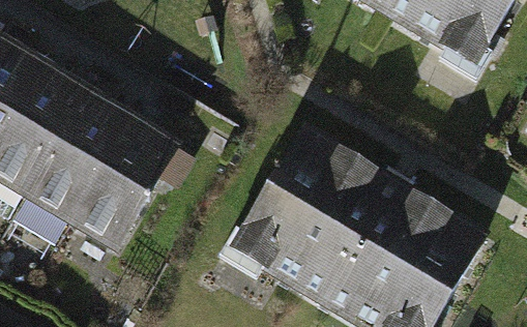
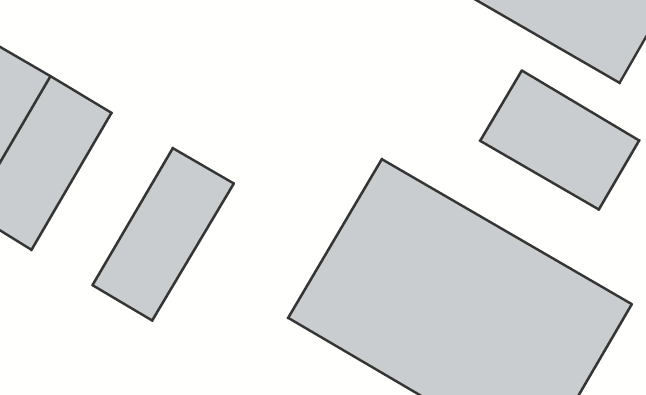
building: none -> [480,71,639,210]
building: [25,91,133,222] -> none

